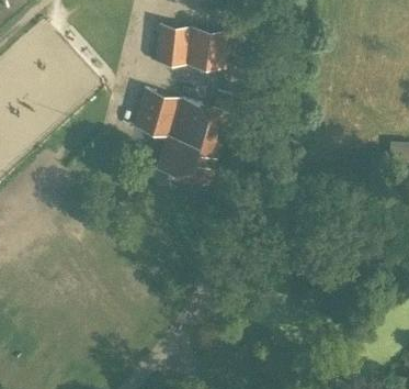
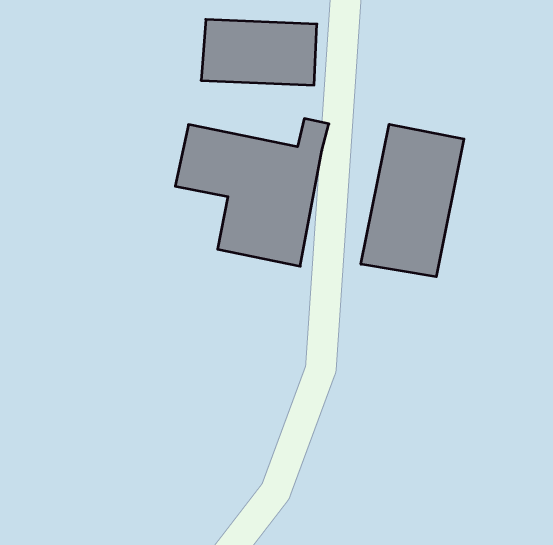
building: none -> [361,124,464,277]

